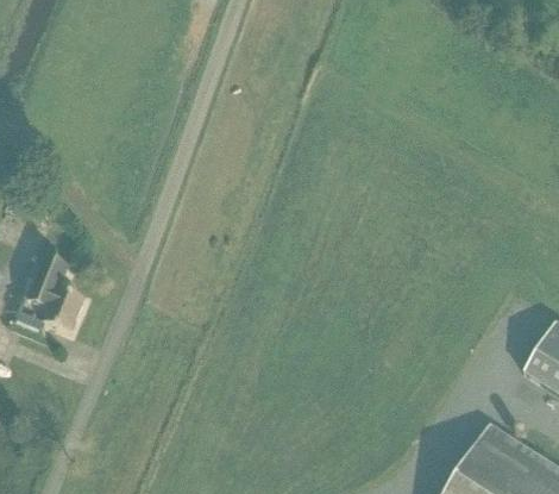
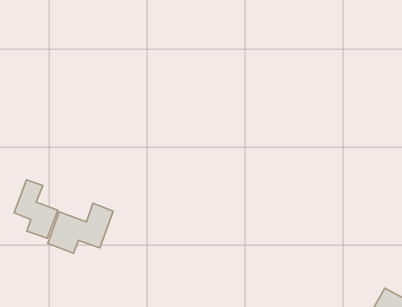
building: none -> [48,203,113,253]

